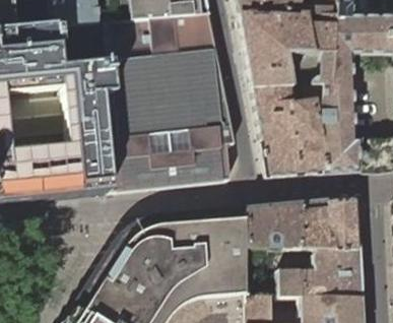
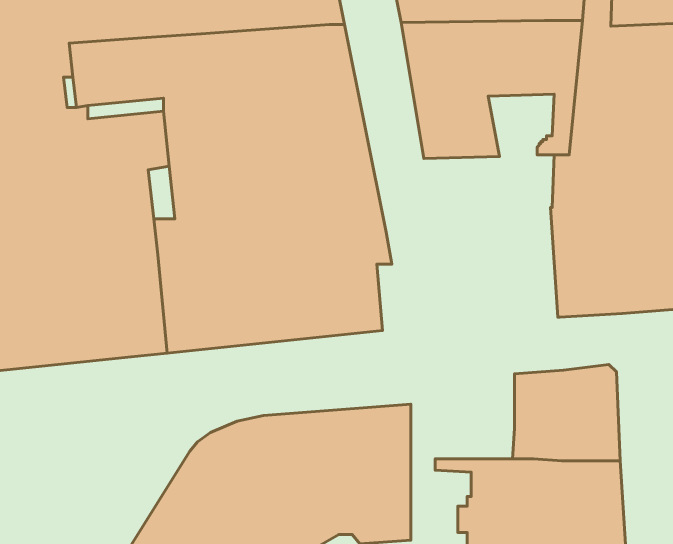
building: [253,84,325,176] -> none
building: [246,202,302,248] -> none

